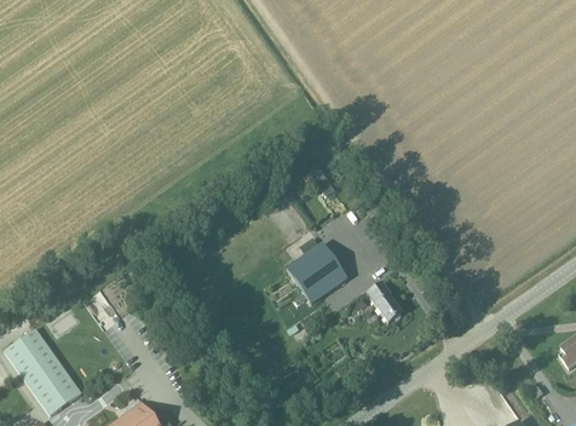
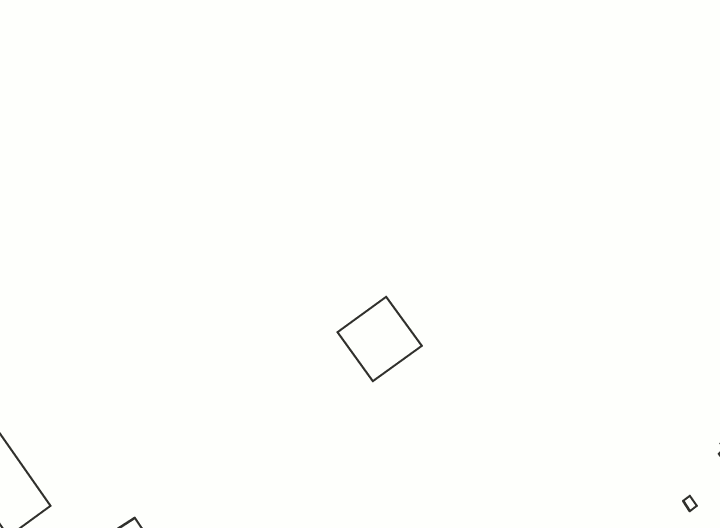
building: [367,282,401,323] -> none

